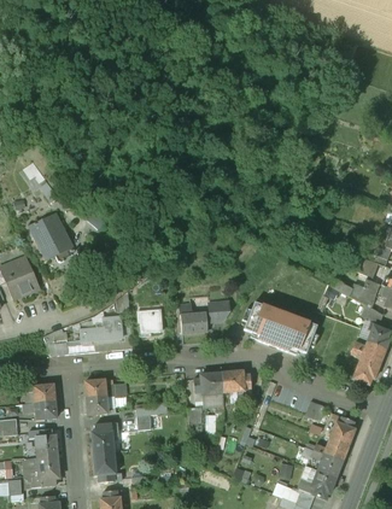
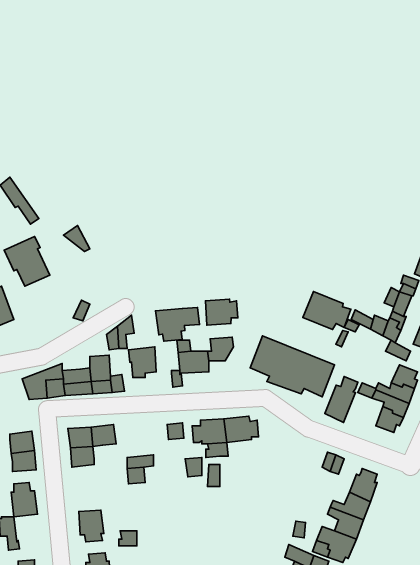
building: none -> [303,292,351,329]
building: none -> [205,299,238,325]
building: none -> [156,308,199,341]
building: none -> [325,376,358,423]
building: [90,423,112,454] -> none
building: [36,456,58,486] -> none

